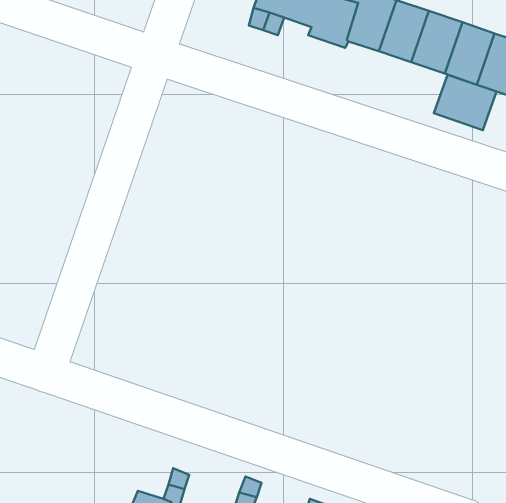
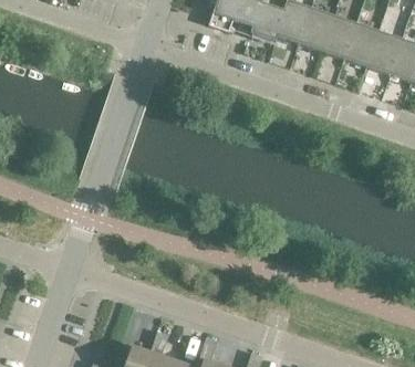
building: [434,75,496,130] -> none

